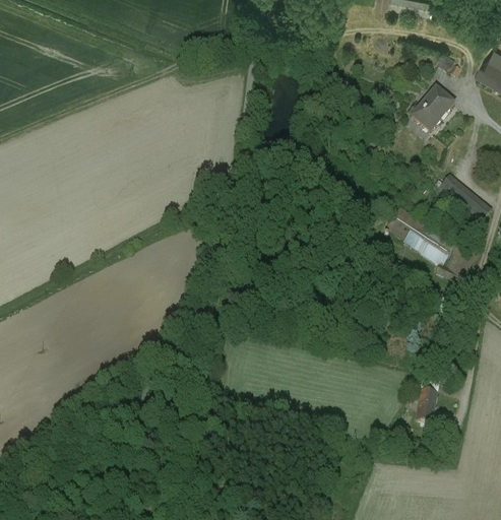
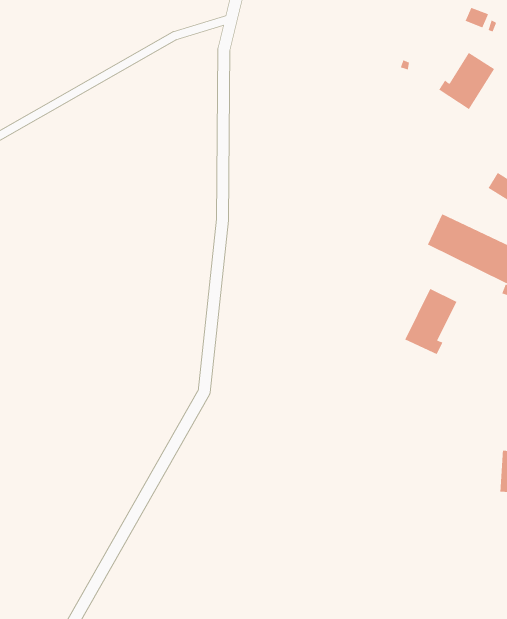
building: none -> [404,288,457,355]

